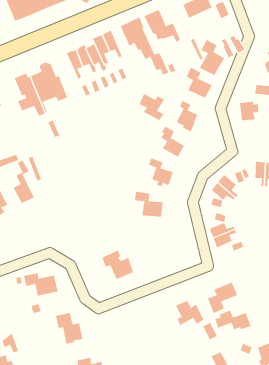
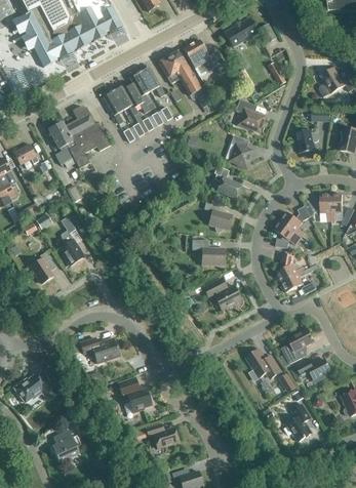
building: [199,39,225,76] -> none
building: [139,93,165,121] -> none
building: [101,250,134,280] -> [203,277,240,310]

